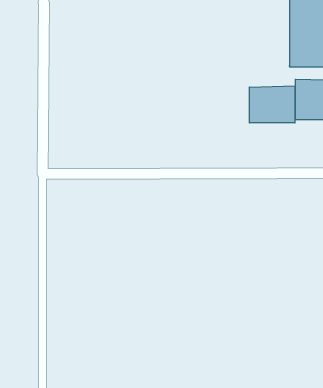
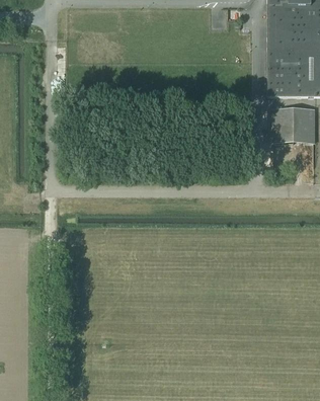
building: [249,86,295,123] -> none

